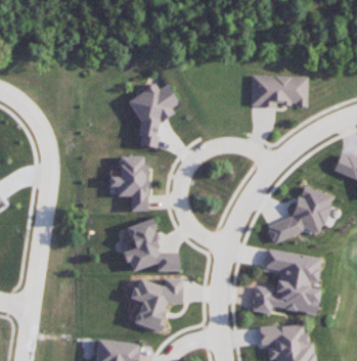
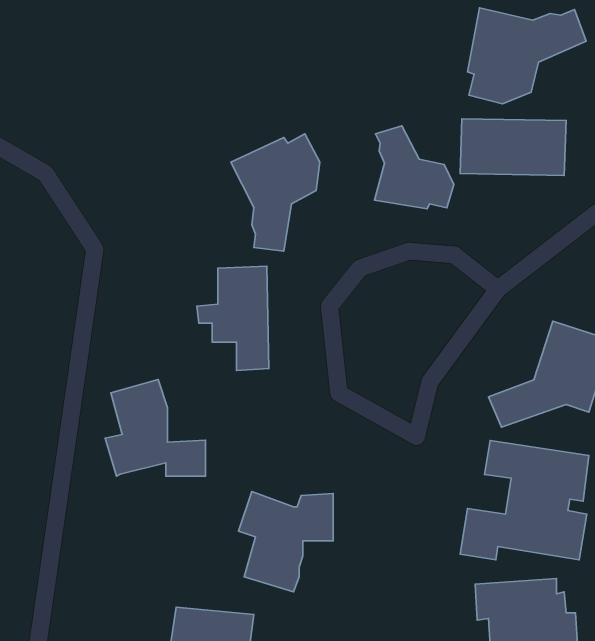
building: none -> [467,8,586,104]
building: none -> [374,126,454,209]
building: [124,219,178,271] -> [105,380,205,476]

